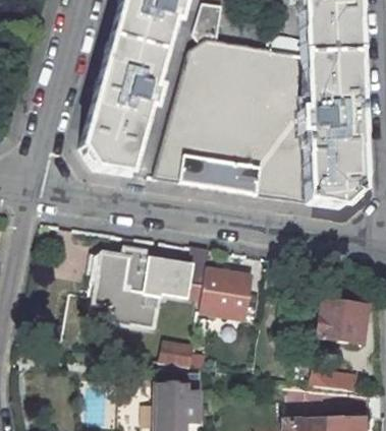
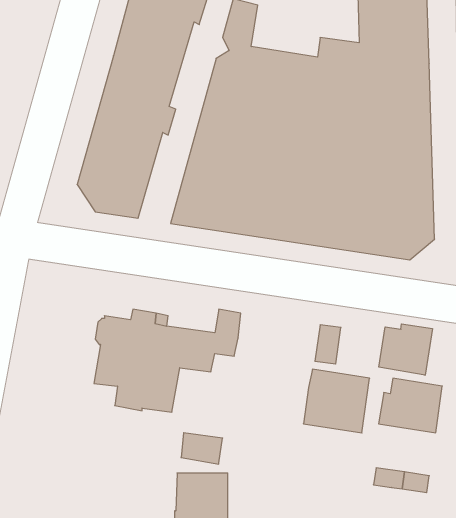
building: none -> [379,324,432,375]
building: [201,268,253,318] -> [303,369,370,433]

